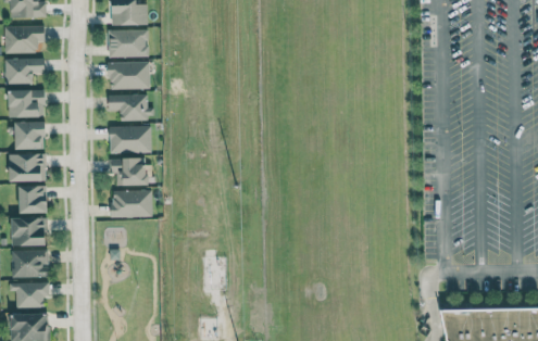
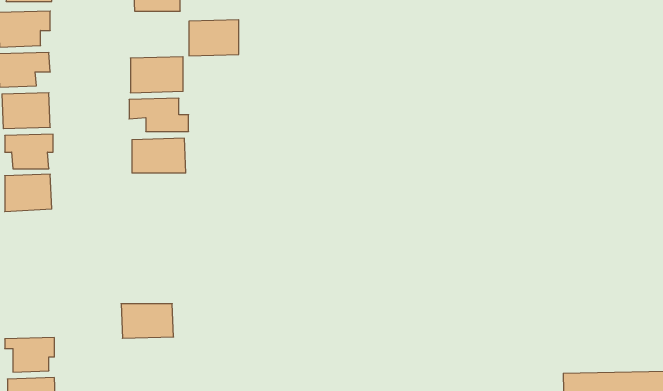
building: [108,28,147,56] -> [189,20,239,56]
building: [108,157,147,186] -> none
building: [20,186,48,213] -> none
building: [111,190,152,217] -> [121,304,174,338]
building: [11,217,48,245] -> none
building: [11,250,49,277] -> none

